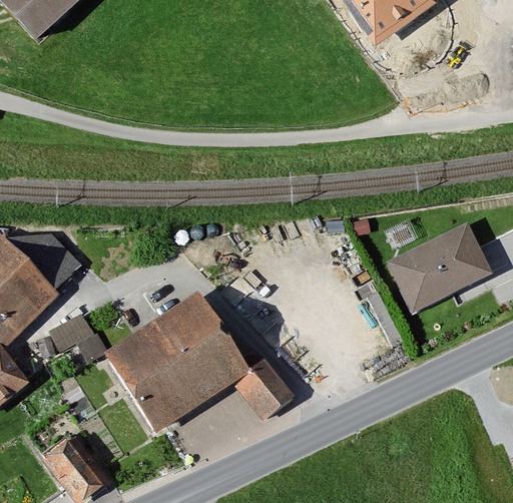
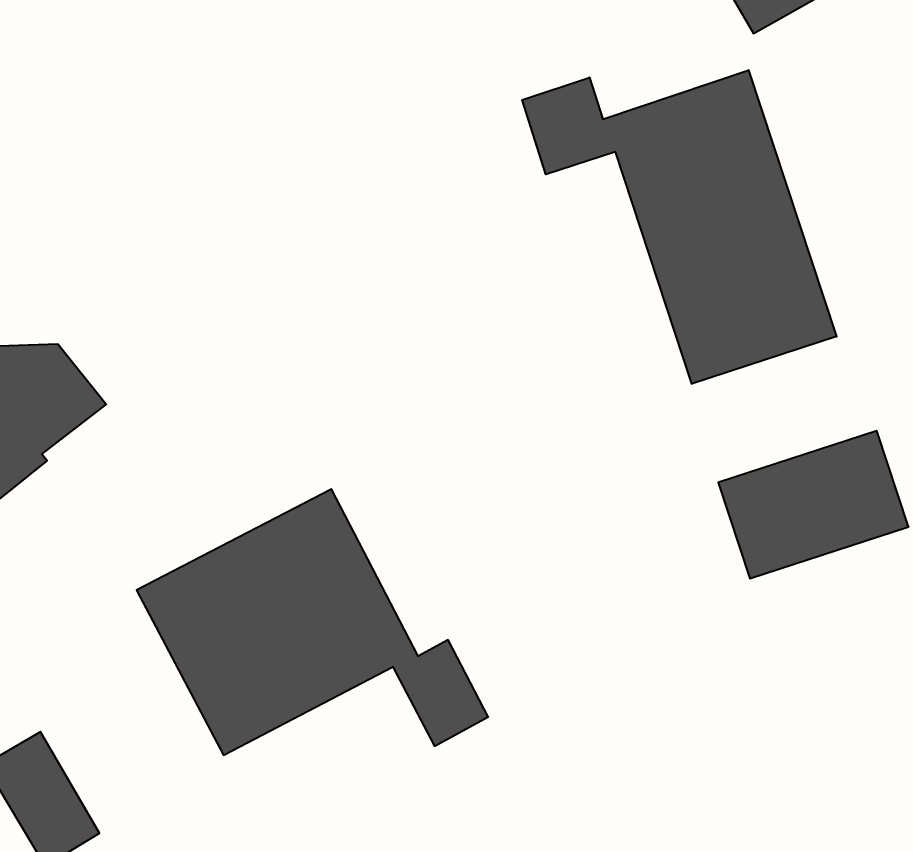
building: none -> [522,70,837,384]
building: [49,314,105,361] -> none

